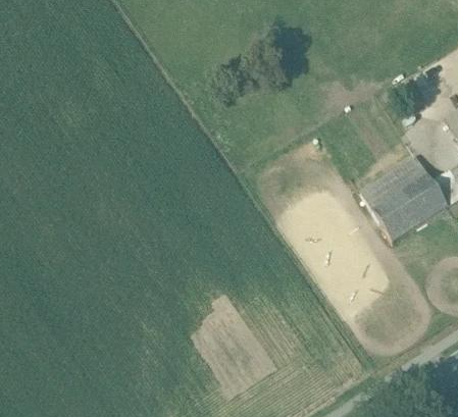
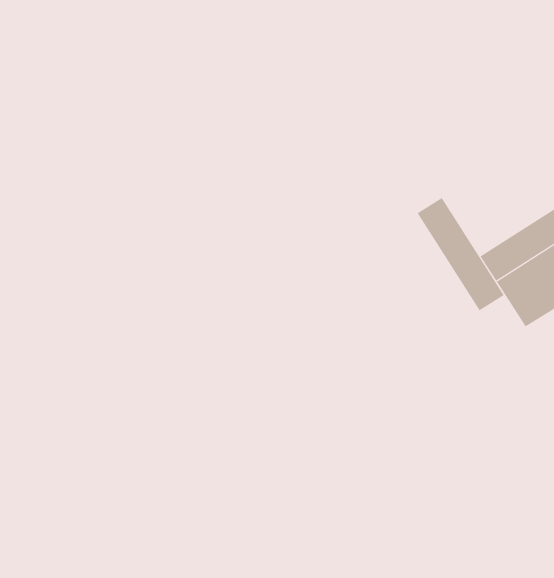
building: none -> [417,197,504,311]

